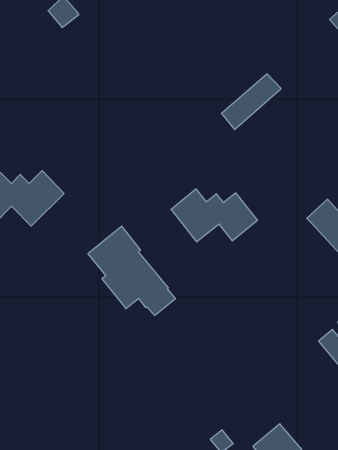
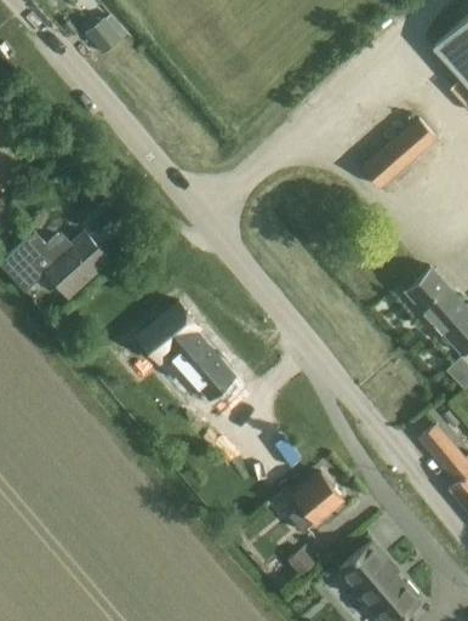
building: [221,74,281,129] -> [364,119,436,187]
building: [171,189,257,242] -> none
building: none -> [290,472,344,530]

